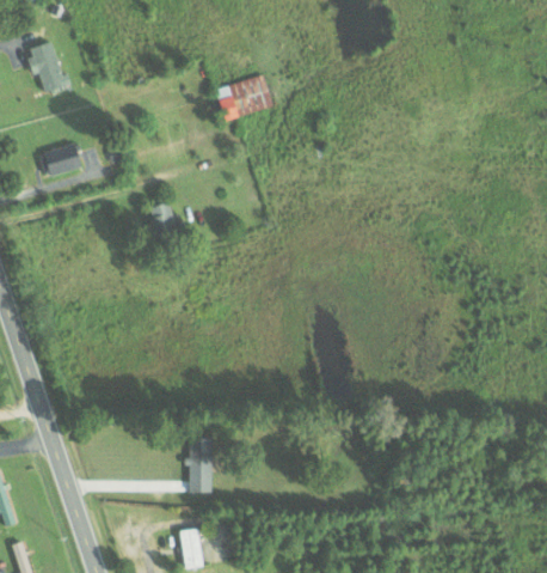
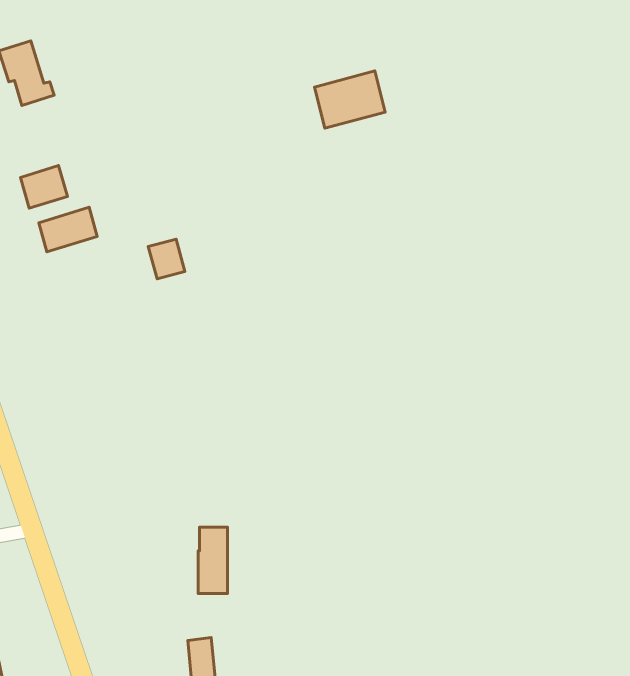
building: [215,74,272,121] -> [315,71,385,128]
building: none -> [39,207,97,252]

